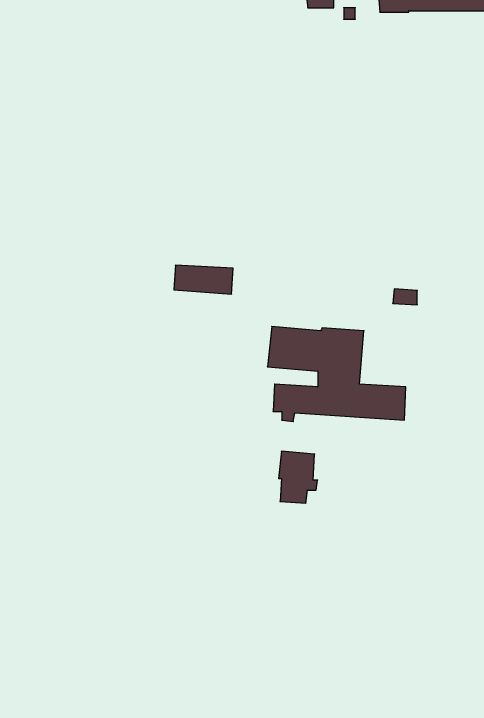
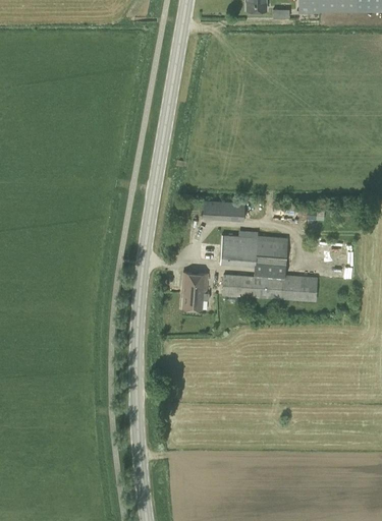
building: [174,265,233,294] -> [203,199,244,220]
building: [279,451,318,503] -> [182,272,210,308]

